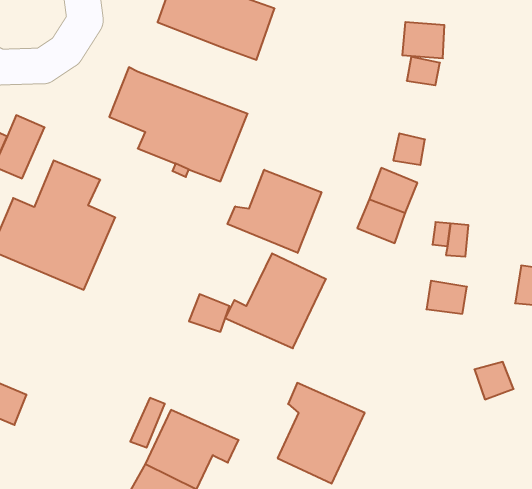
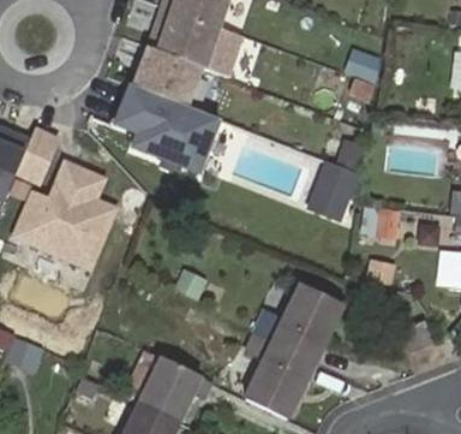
building: none -> [133,48,202,108]
building: [227,170,321,253] -> none
building: [225,253,326,348] -> [261,285,341,361]

